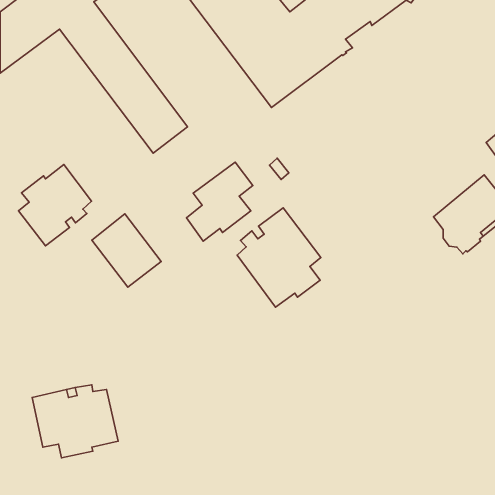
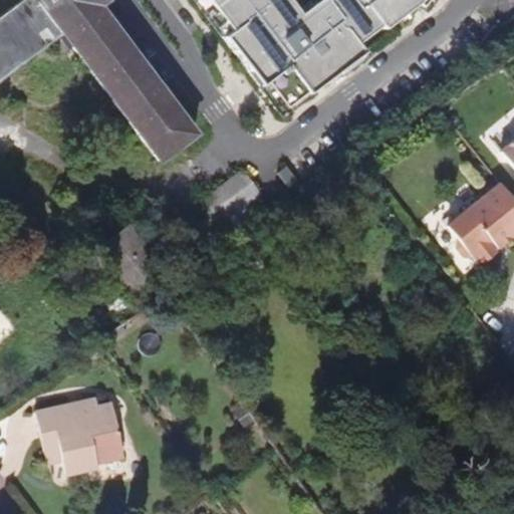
building: [18,165,92,246] -> none
building: [237,208,321,307] -> none

